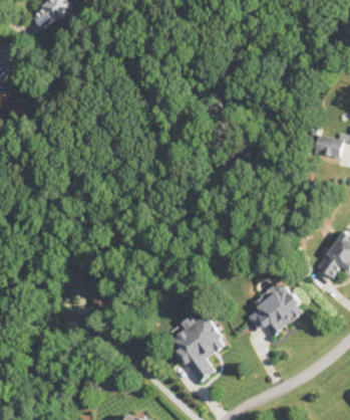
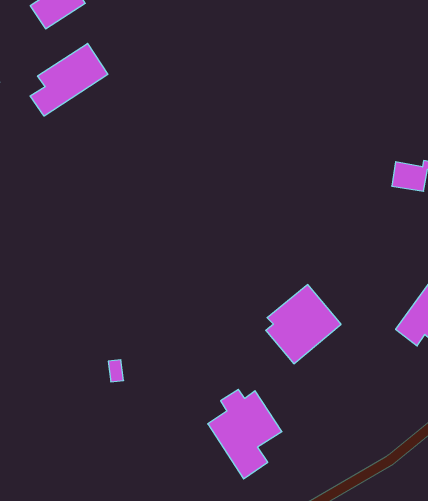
building: none -> [30,43,108,116]
building: [247,278,306,341] -> [266,285,341,364]

